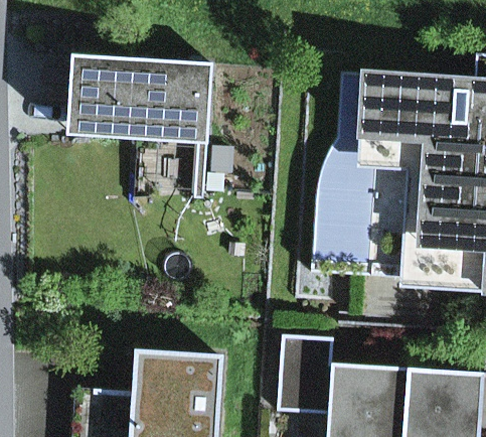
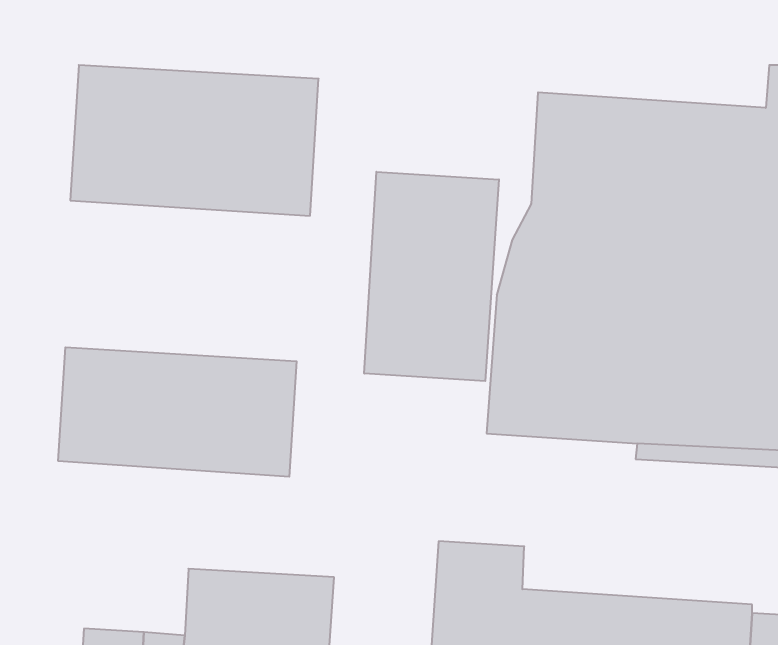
building: none -> [364,172,499,381]
building: none -> [58,347,297,477]

